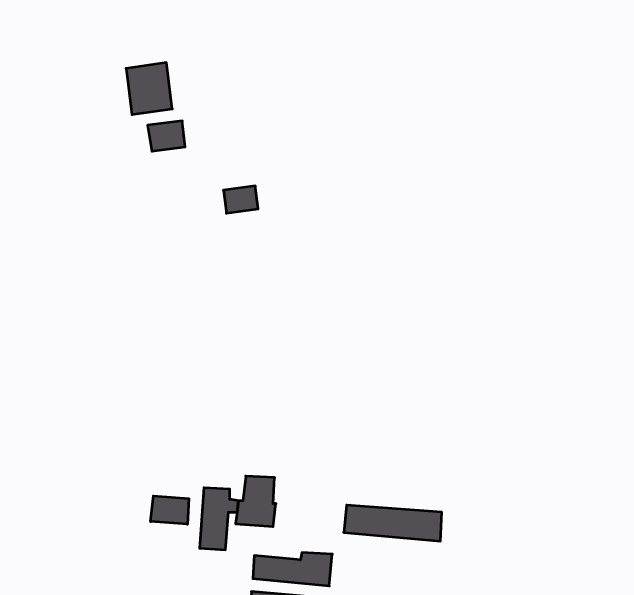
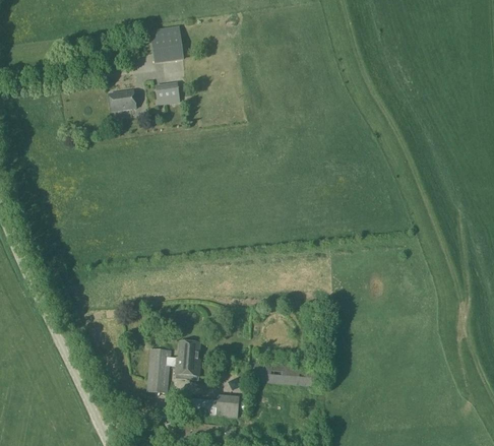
building: [126,63,172,115] -> [151,26,184,63]
building: [223,186,258,213] -> [157,84,181,104]
building: [151,496,189,524] -> none

